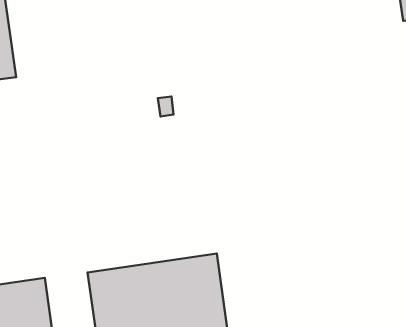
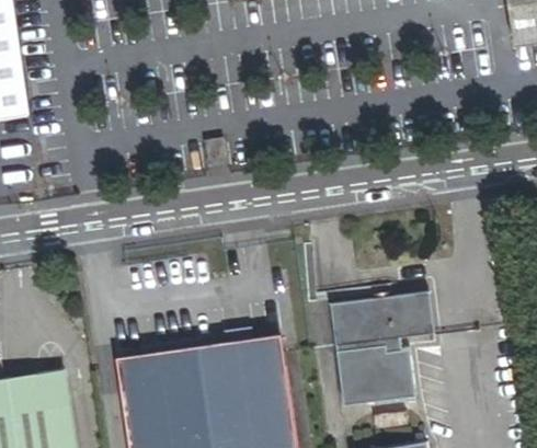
building: none -> [331,290,436,405]

